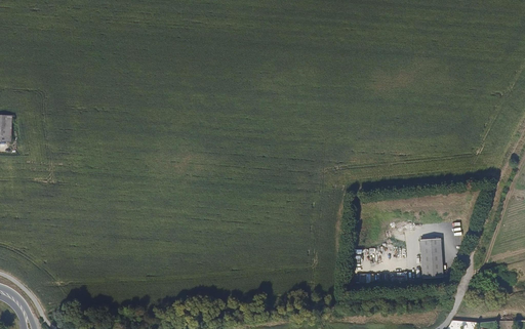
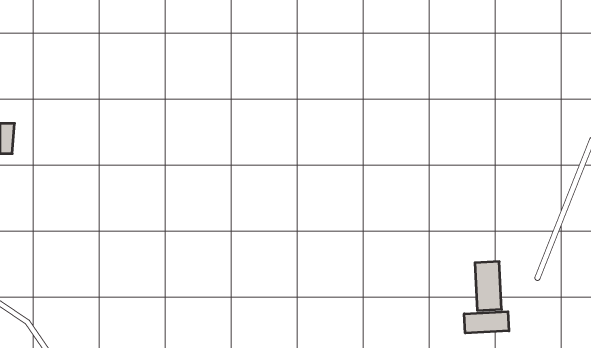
building: none -> [464,312,509,333]

